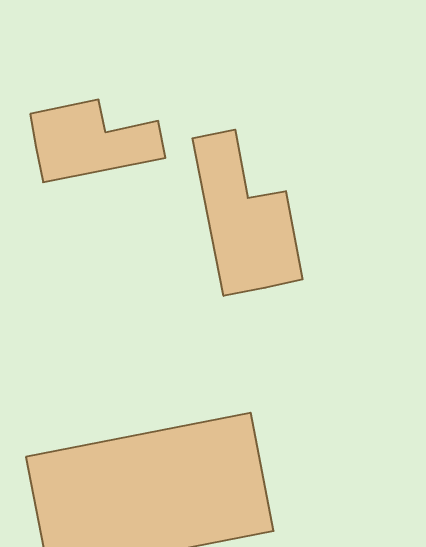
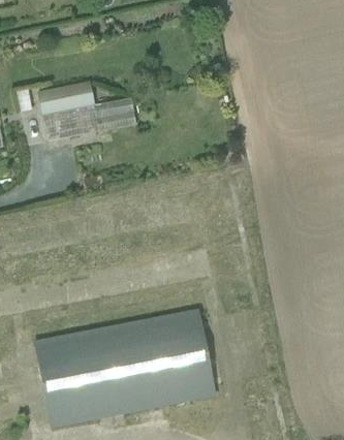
building: [192,130,303,296] -> none

